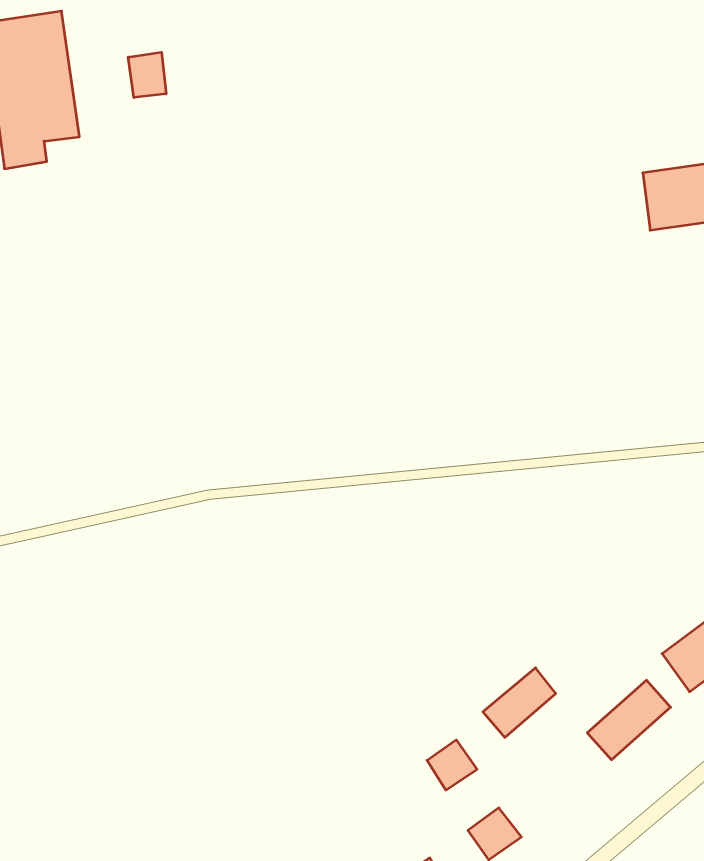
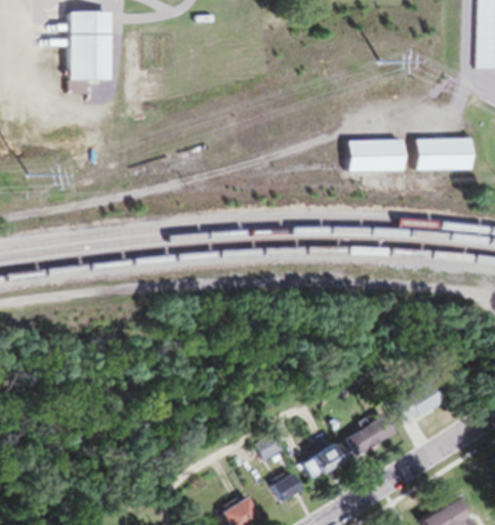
building: [128,52,166,98] -> none
building: none -> [347,138,405,171]
building: [483,668,556,737] -> [306,445,347,481]

